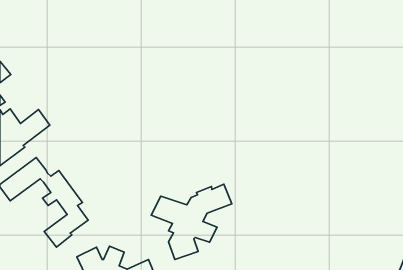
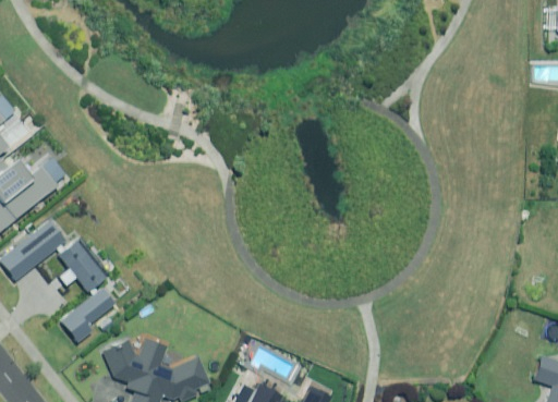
building: [151,184,232,260] -> none

